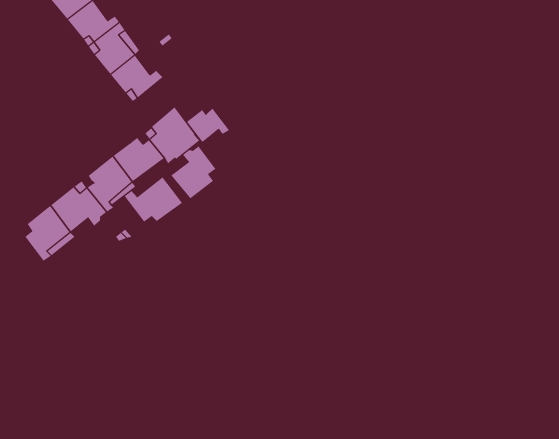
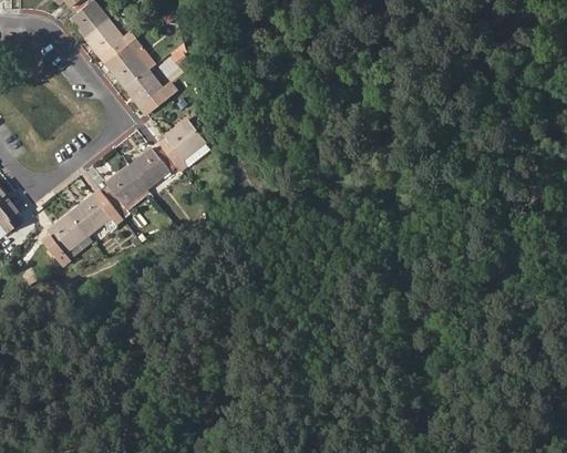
building: [186,108,230,143] -> none
building: [171,146,216,199] -> none
building: [124,176,183,222] -> none

